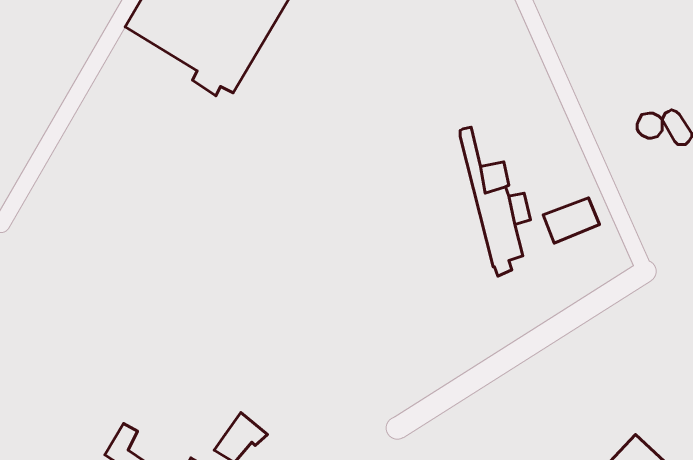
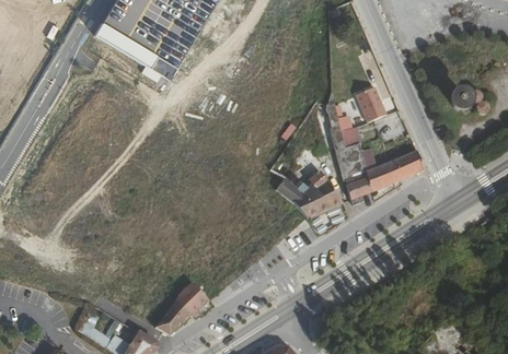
building: none -> [357,86,386,123]
building: none -> [367,164,394,192]
building: none -> [277,173,345,219]
building: none -> [175,285,209,317]

